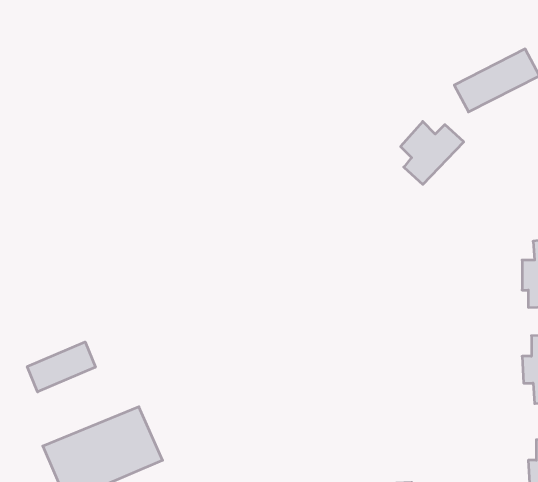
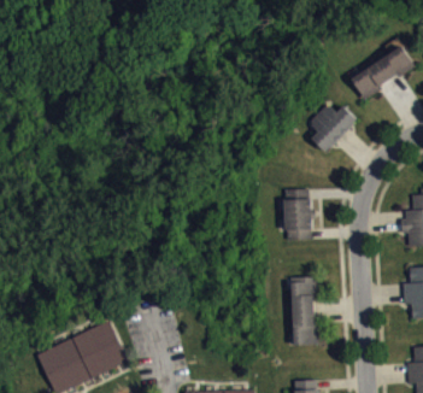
building: none -> [284,189,312,241]
building: [27,342,95,392] -> none
building: none -> [292,277,316,346]

